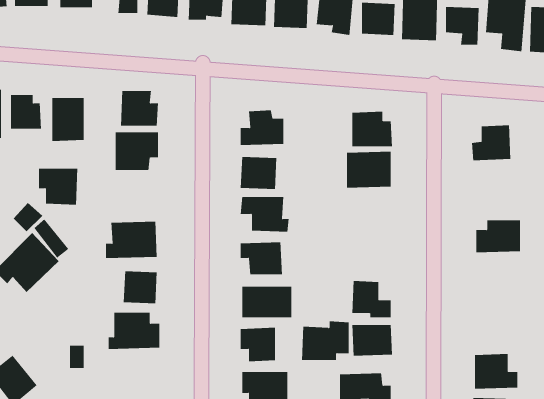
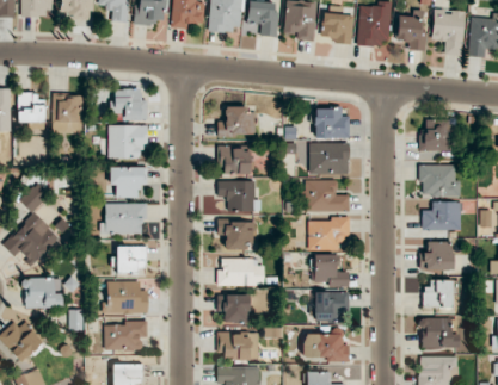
building: [38,168,78,205] -> [110,167,145,199]
building: none -> [419,164,461,195]
building: none -> [305,180,349,211]
building: none -> [418,241,453,271]
building: none -> [24,278,63,308]
building: none -> [423,280,453,306]
building: [301,321,349,361] -> [308,216,350,250]
building: none -> [104,322,147,350]

